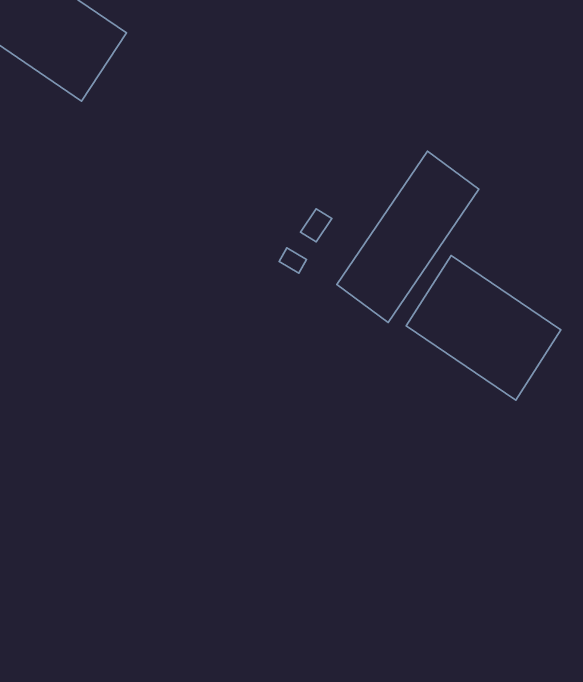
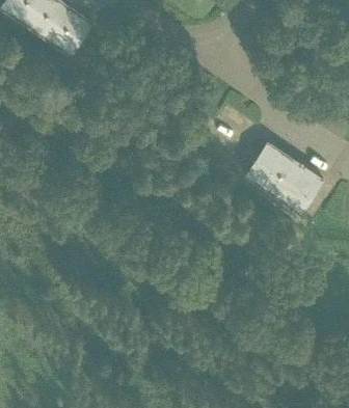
building: [337,151,479,323] -> none

